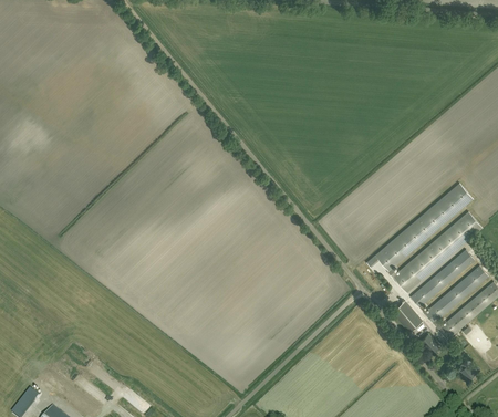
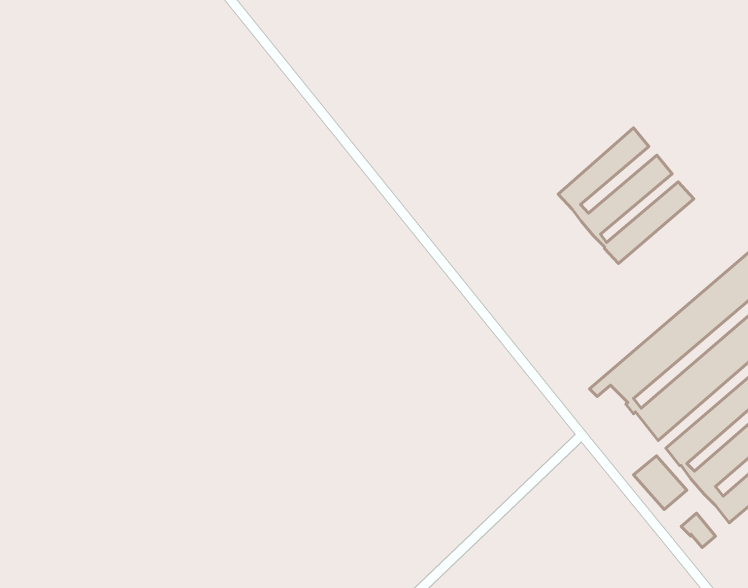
building: none -> [558,128,694,264]

